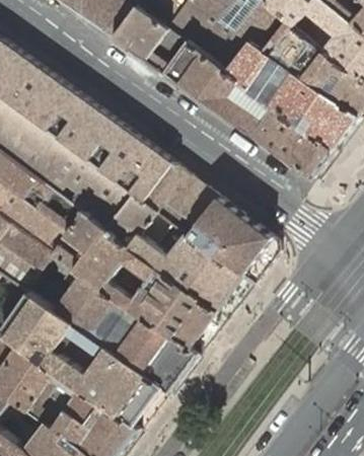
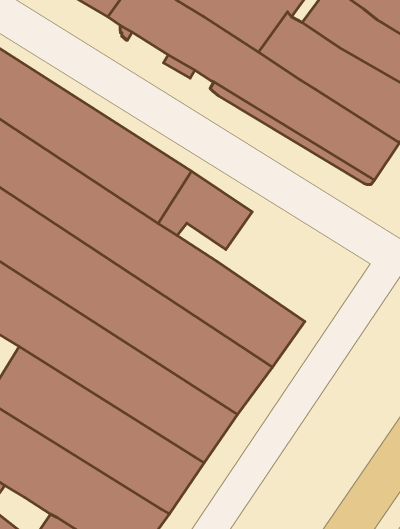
building: [184,195,279,283] -> none

